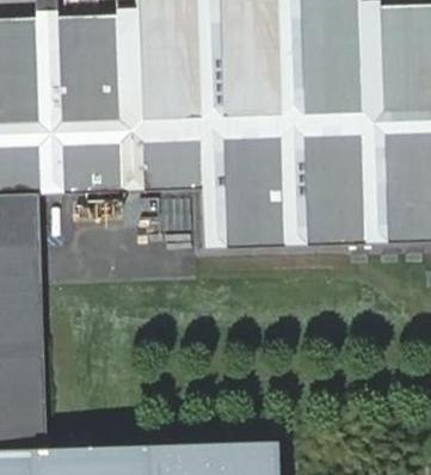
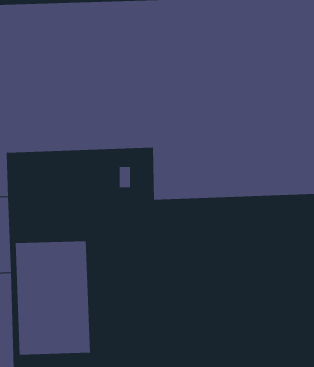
building: none -> [15,240,90,355]

